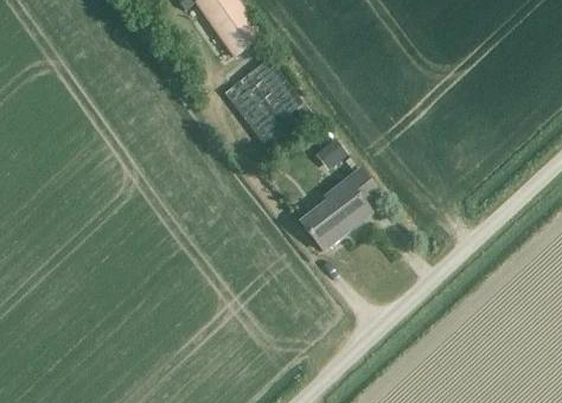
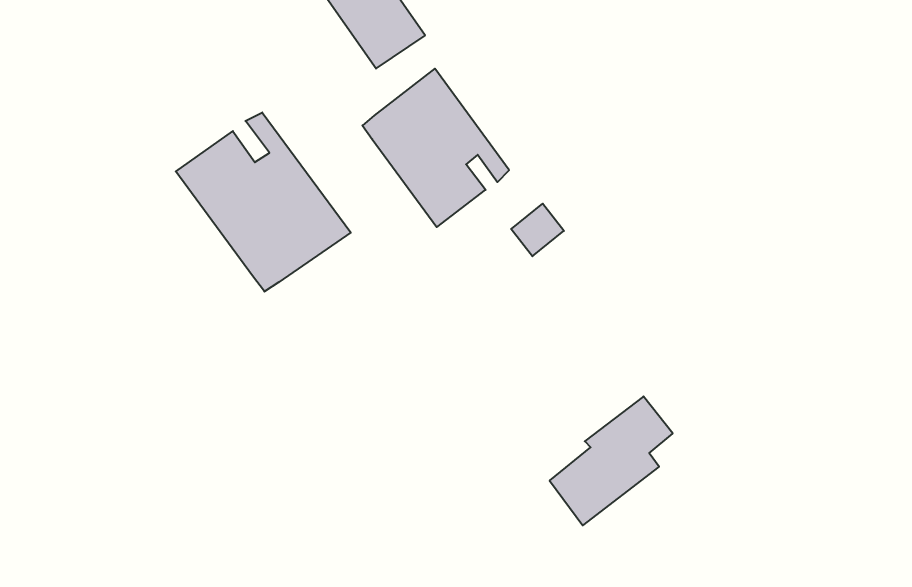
building: none -> [176,112,351,292]
building: [302,169,377,248] -> [550,396,673,525]

